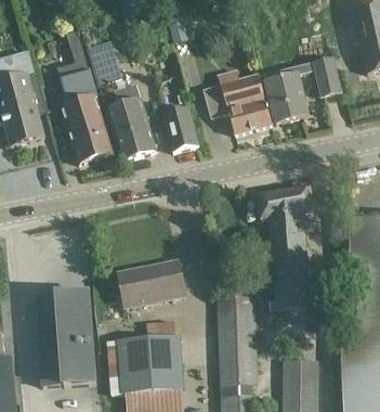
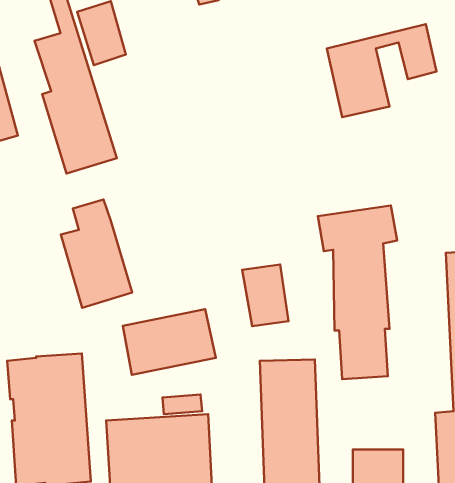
building: [201,69,272,133] -> none
building: [105,83,156,160] -> [61,199,132,308]
building: [161,105,198,151] -> none
building: none -> [242,264,289,326]

